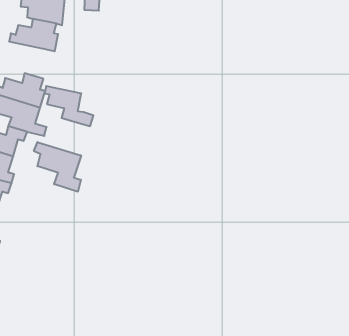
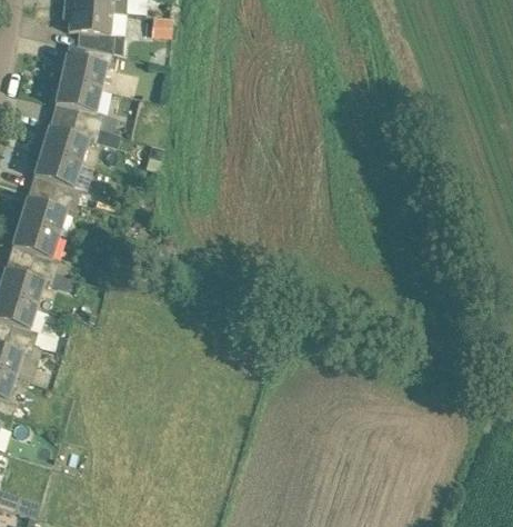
building: [45,86,93,126] -> [48,79,114,133]
building: [34,142,81,192] -> none

